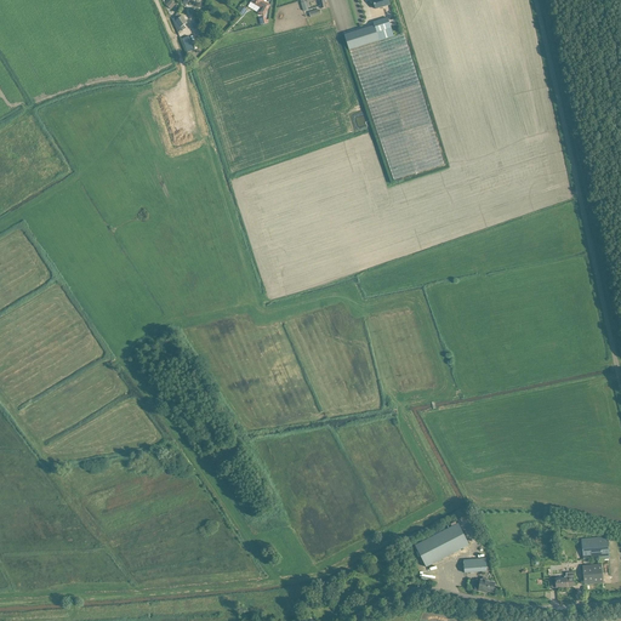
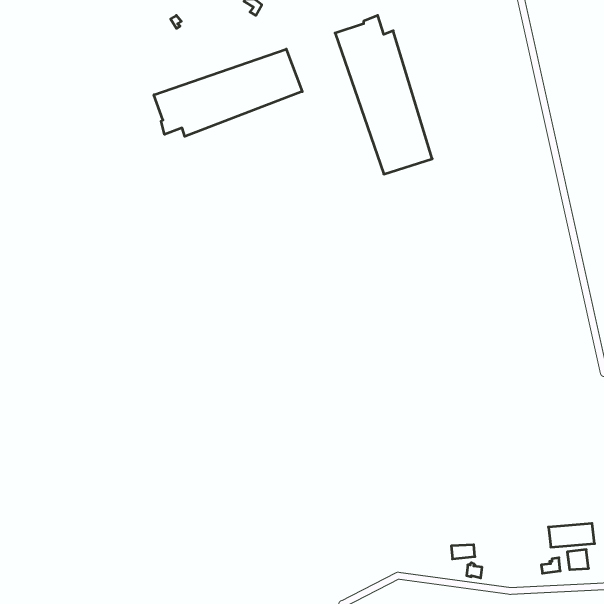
building: none -> [154,49,302,136]
building: [414,522,468,566] -> none

